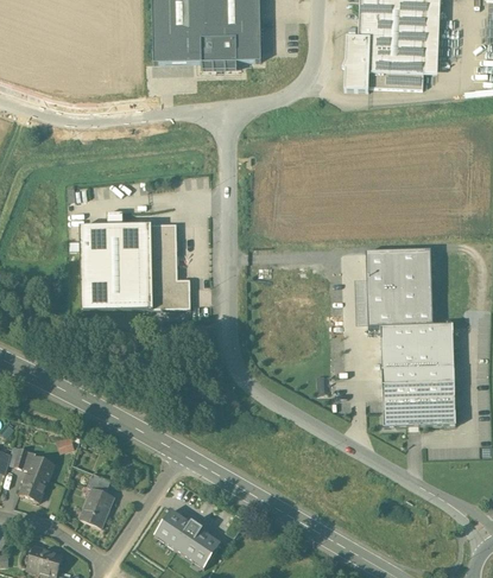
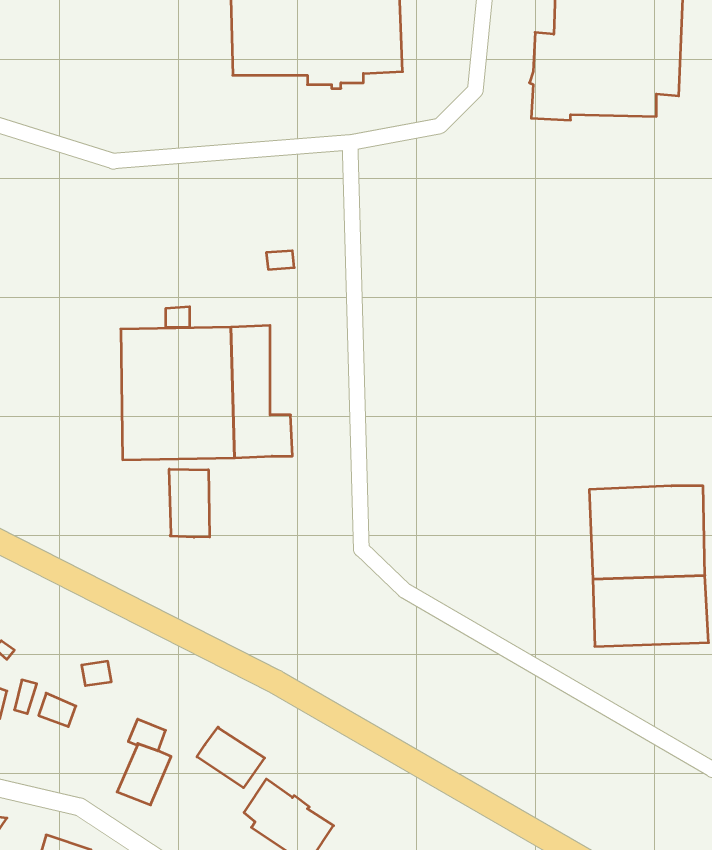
building: [366,249,432,326] -> none
building: none -> [169,469,210,537]
building: [20,470,49,502] -> none
building: none -> [197,727,265,788]

